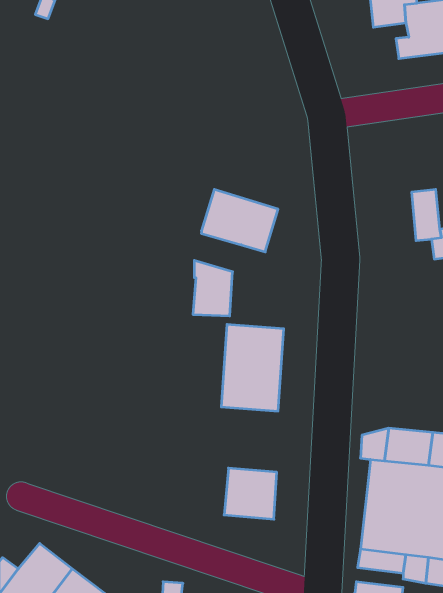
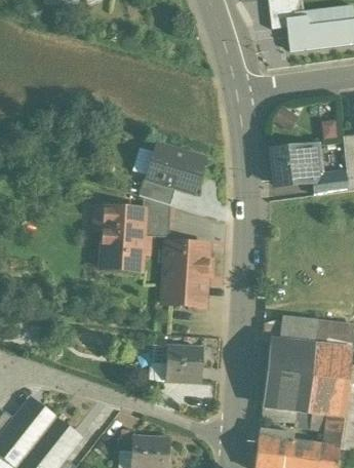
building: none -> [273,147,303,185]
building: none -> [139,173,176,204]
building: none -> [101,206,144,269]

